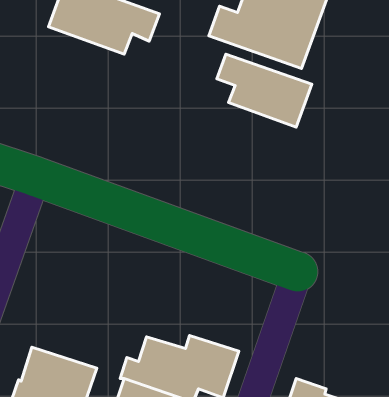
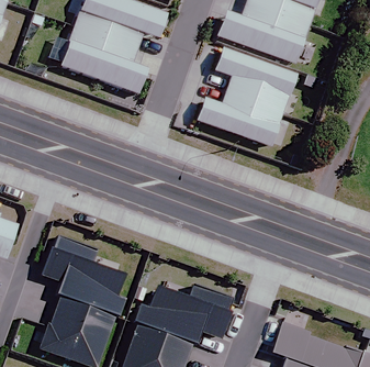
building: none -> [60,25,148,93]
building: none -> [199,89,283,146]
building: none -> [43,236,125,315]

